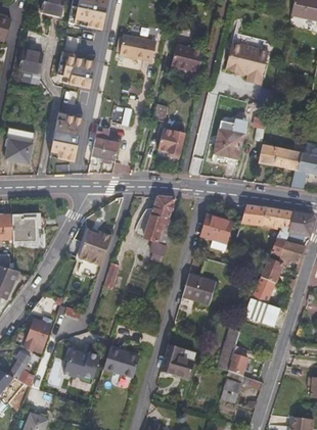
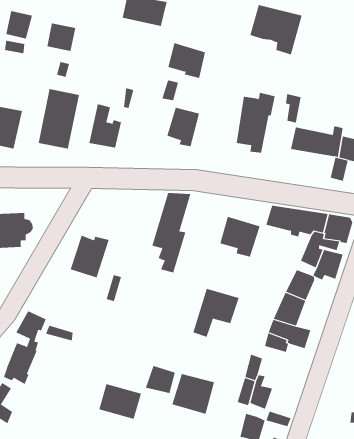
building: [172,44,203,74] -> [168,42,206,78]
building: none -> [145,365,176,394]
building: [61,354,97,384] -> none

